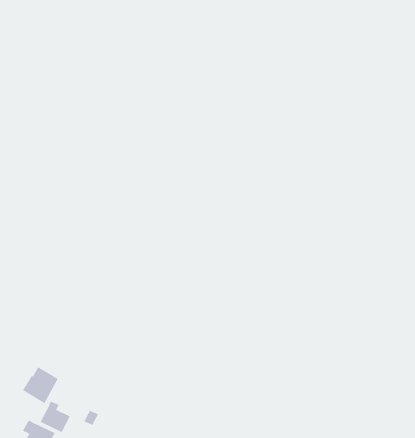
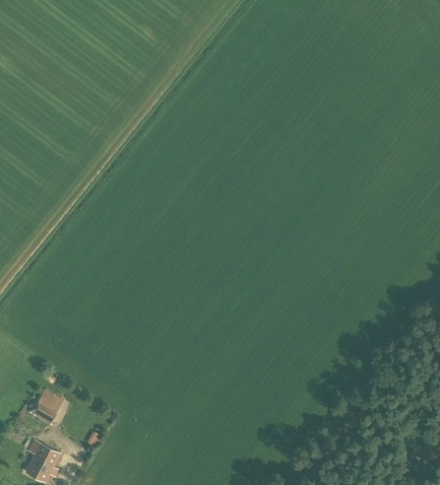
building: [40,401,71,433] -> none

